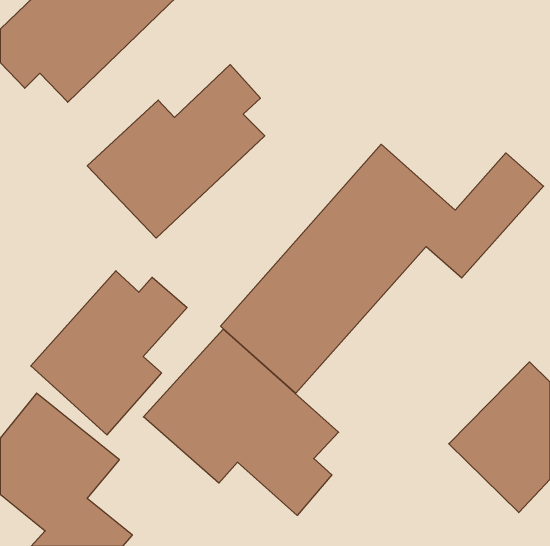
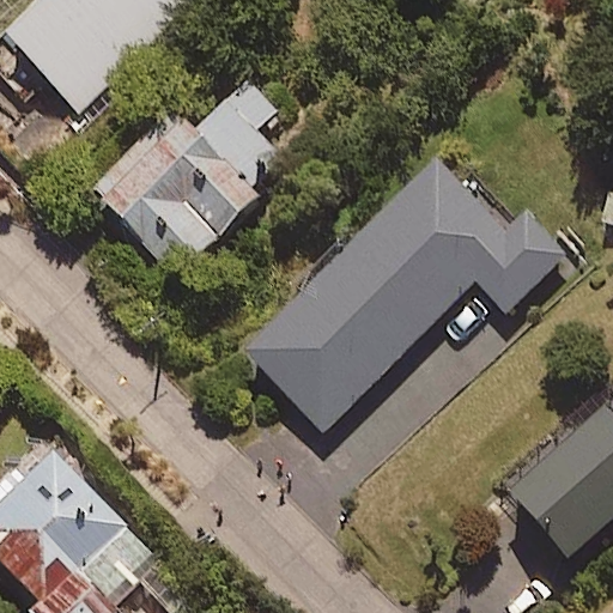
building: [31,271,187,435] -> none
building: [143,329,339,515] -> none

